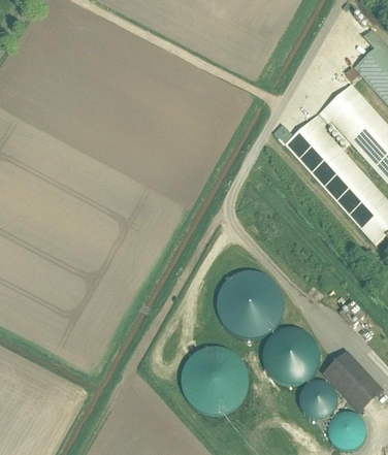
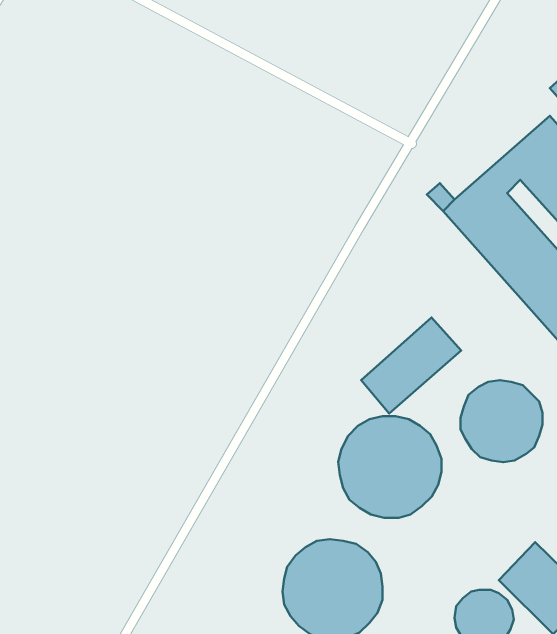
building: none -> [361,317,461,414]
building: [265,329,317,381] -> [460,380,542,462]

